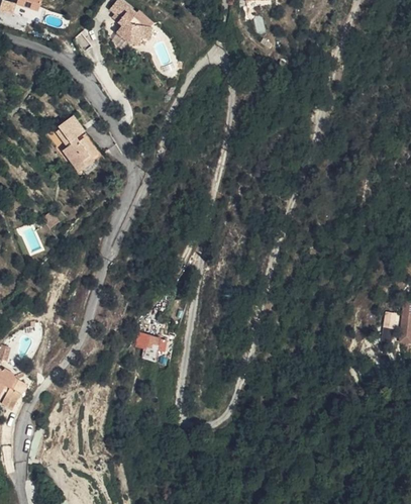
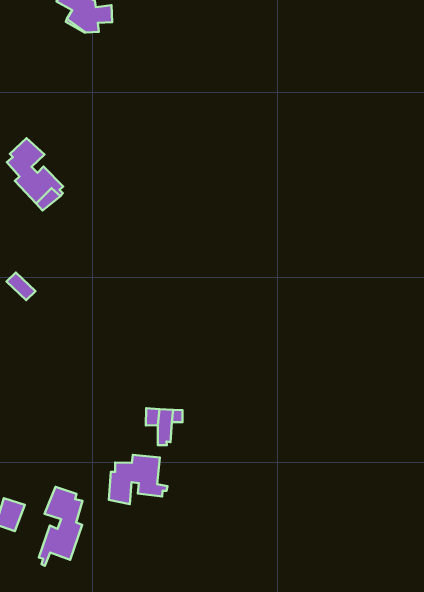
building: none -> [109,455,168,504]
building: none -> [39,487,82,566]

